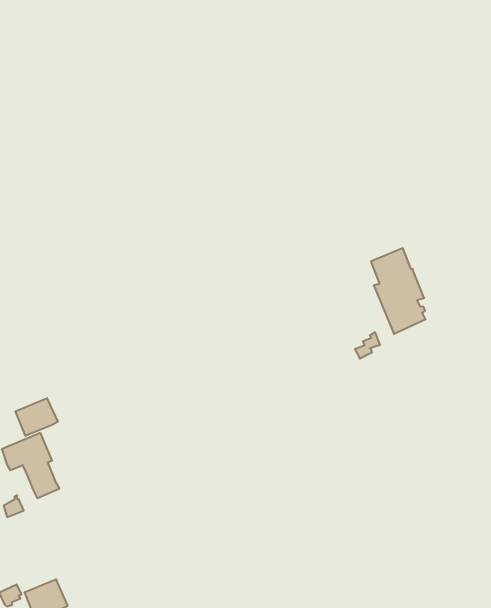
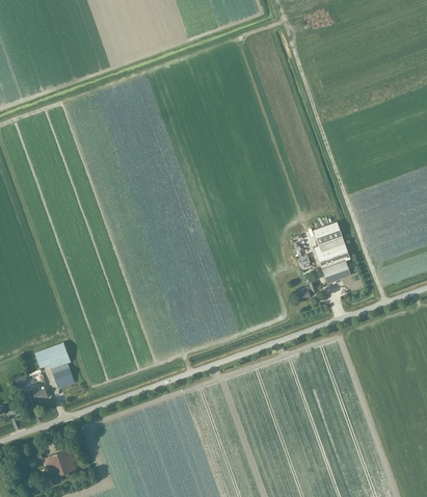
building: [16,398,58,436] -> none

